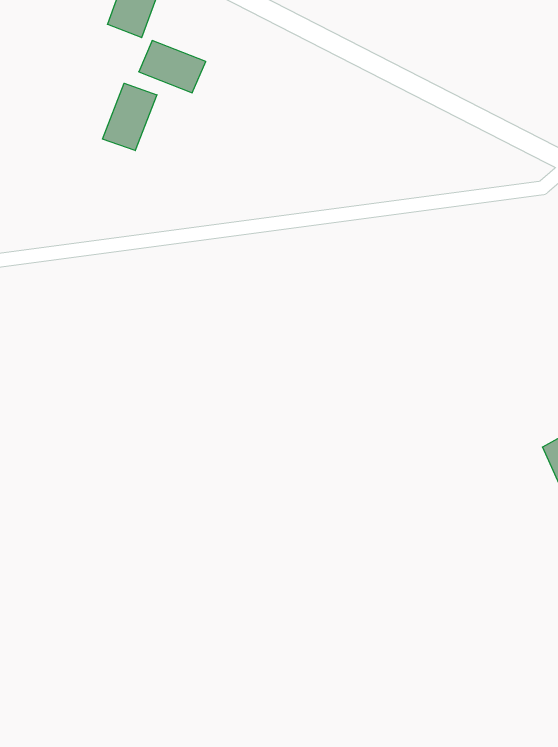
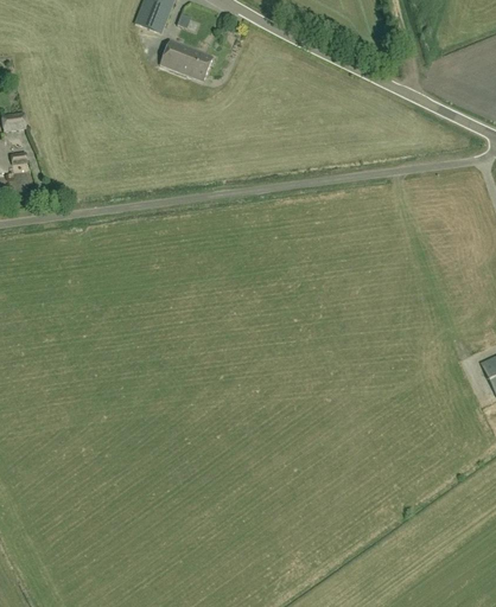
building: [102,83,157,151] -> none

